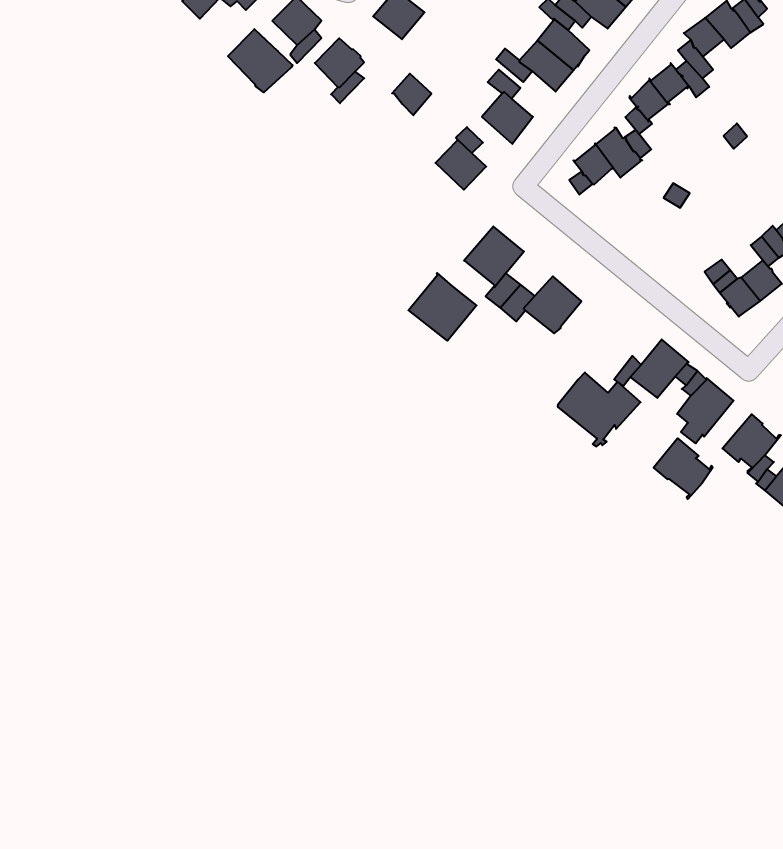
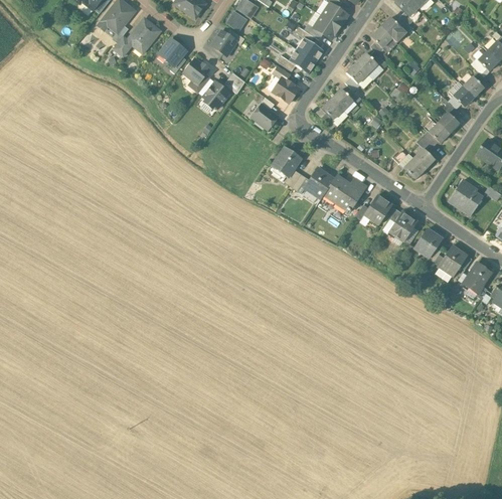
building: [228,29,293,92] -> none
building: none -> [202,80,229,108]
building: [408,273,477,341] -> none
building: [558,372,641,446] -> [324,175,366,212]
building: [654,438,713,499] -> none

